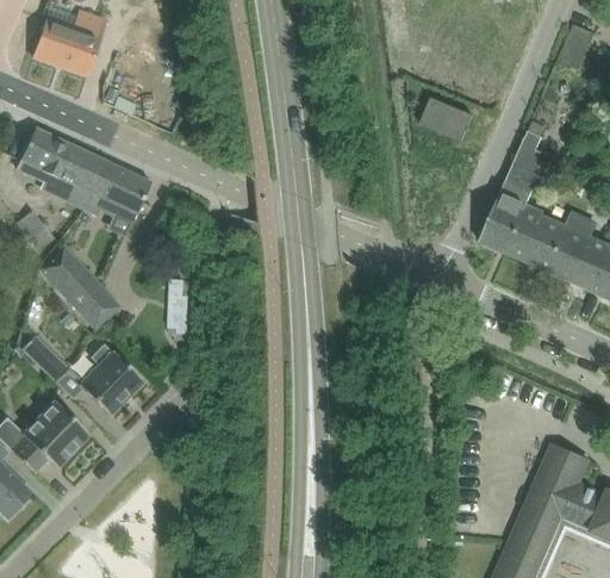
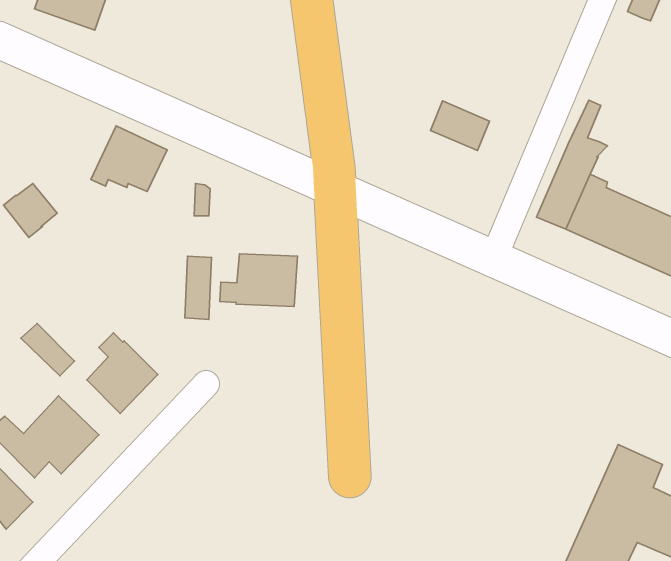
building: [421,98,473,142] -> [431,101,490,151]
building: [20,128,106,209] -> none
building: [41,248,119,329] -> none
building: none -> [220,254,298,307]

